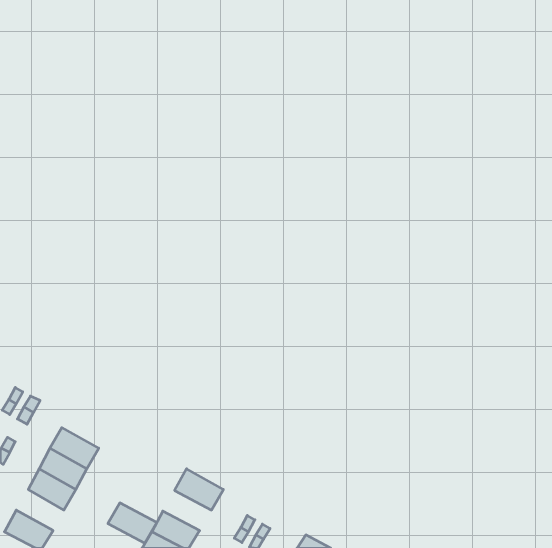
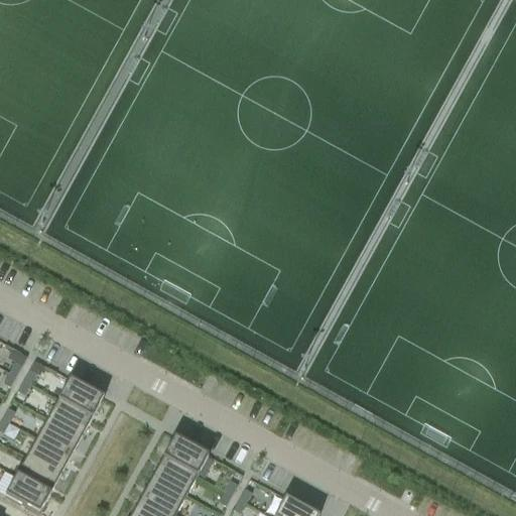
building: none -> [59,378,105,416]
building: none -> [17,455,61,493]
building: [108,503,157,543] -> [153,456,199,493]

